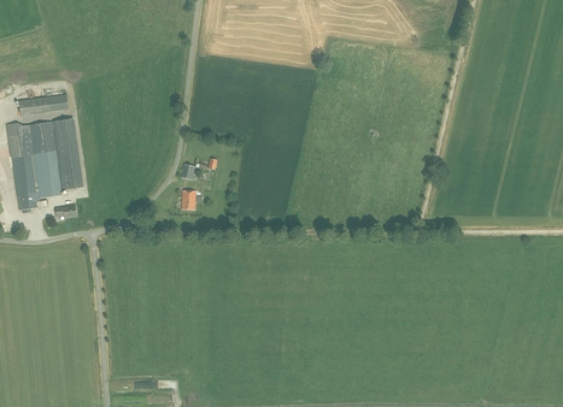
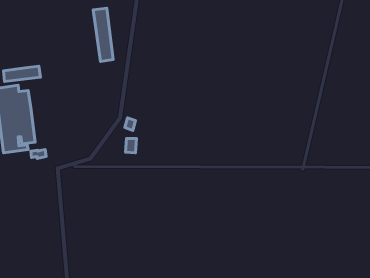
building: [53,118,80,189] -> [93,8,113,61]

